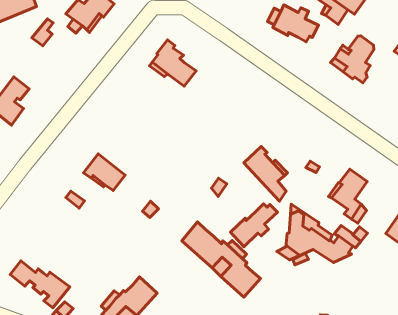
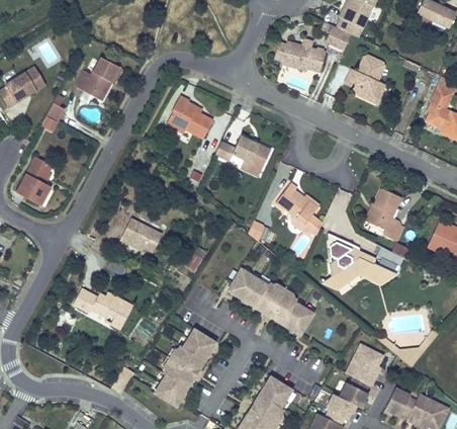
building: none -> [215,136,271,168]
building: [231,204,277,247] -> none
building: [10,261,70,308] -> [72,290,132,331]

